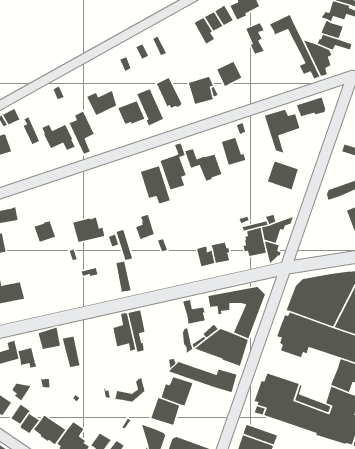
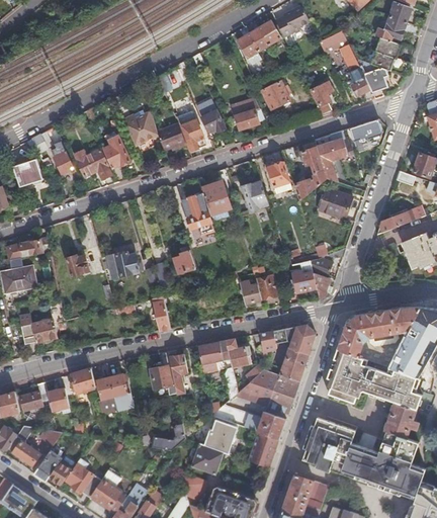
building: [245,22,265,55] -> [312,81,333,116]
building: none -> [293,140,326,198]
building: none -> [197,340,231,371]
building: none -> [110,373,133,407]
building: none -> [249,433,279,467]

